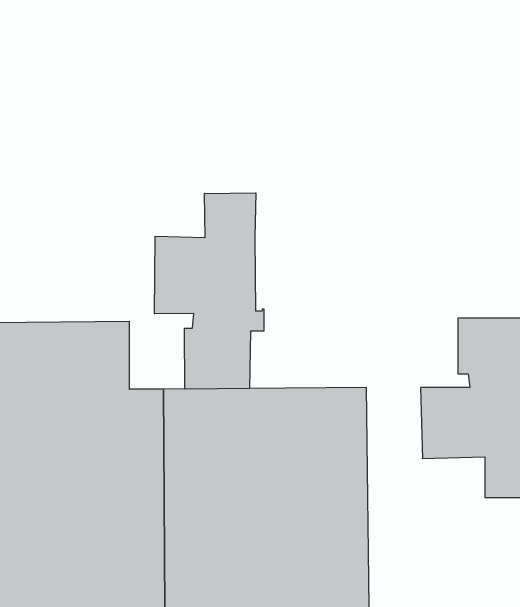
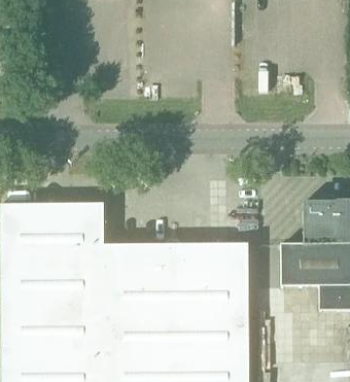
building: [155,193,264,389] -> none

